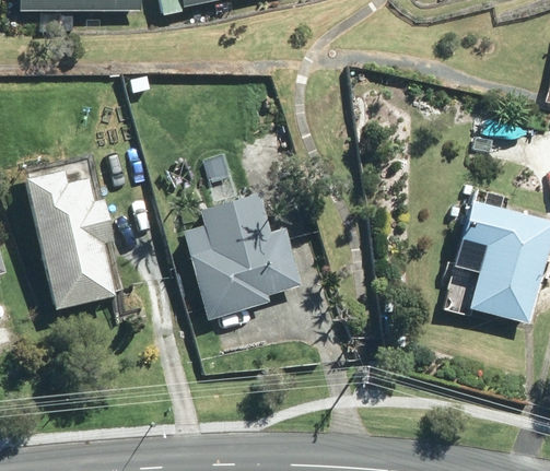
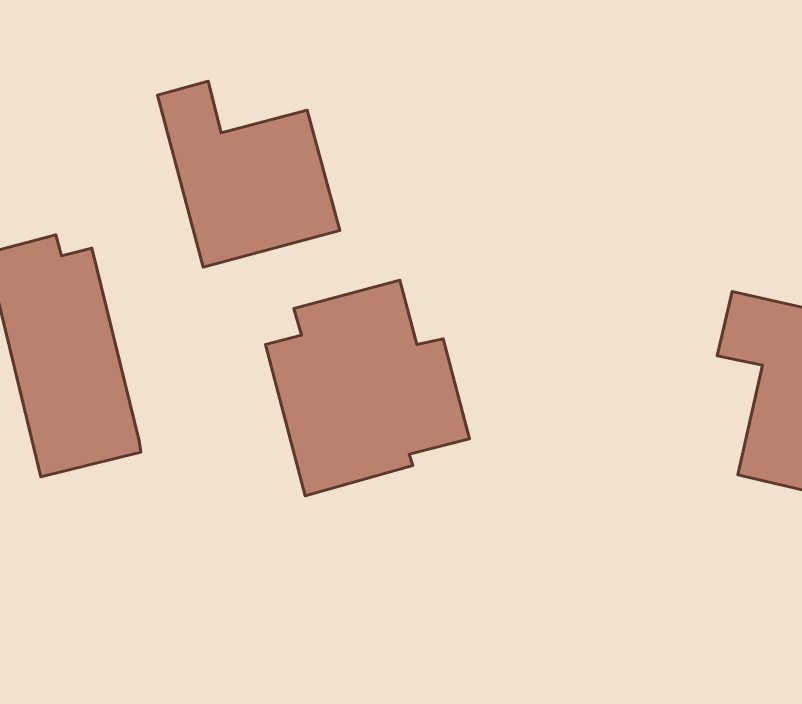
building: none -> [158,81,340,267]

